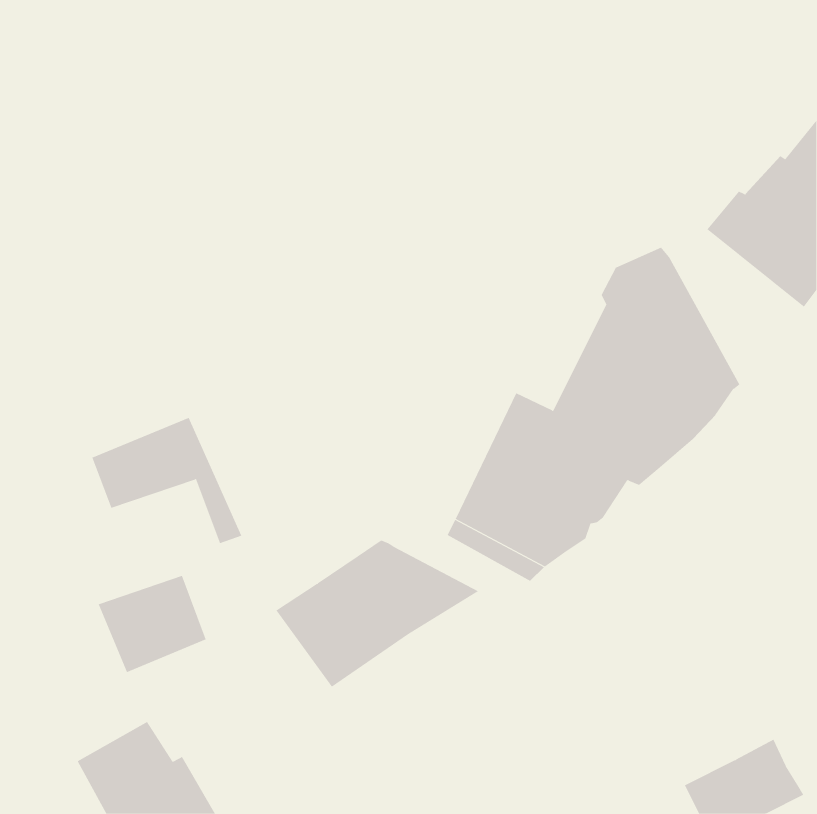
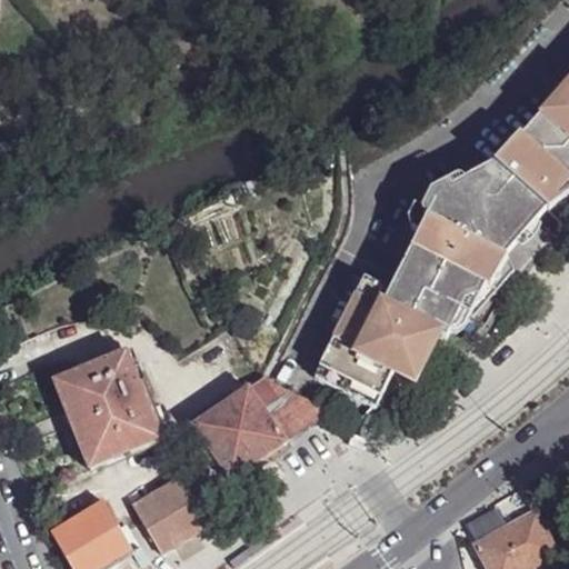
building: none -> [465,159,558,267]
building: [91,417,242,544] -> [54,356,159,443]
building: none -> [132,473,208,550]
building: none -> [465,503,510,545]

